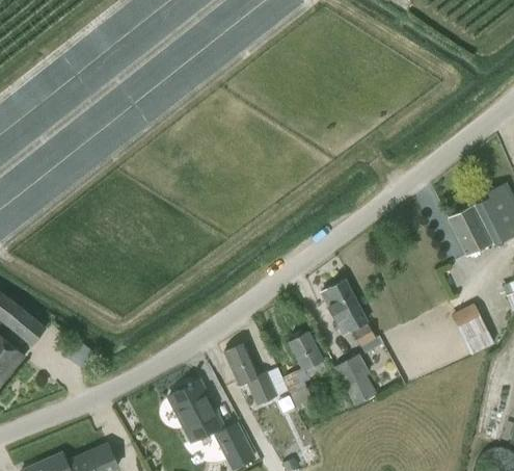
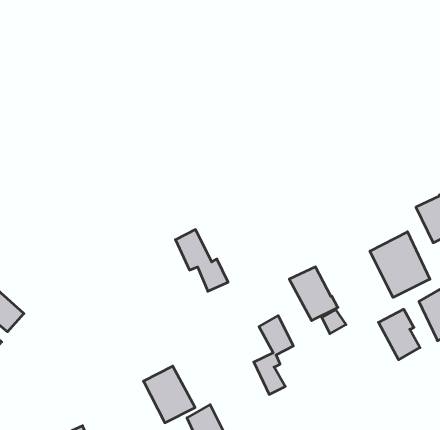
building: none -> [370,232,430,297]
building: [223,342,277,405] -> [175,230,228,291]
building: [334,354,377,405] -> [378,309,420,360]

